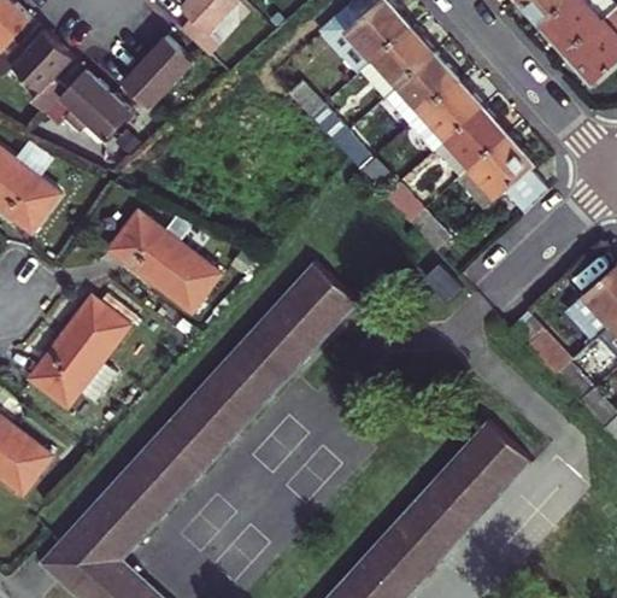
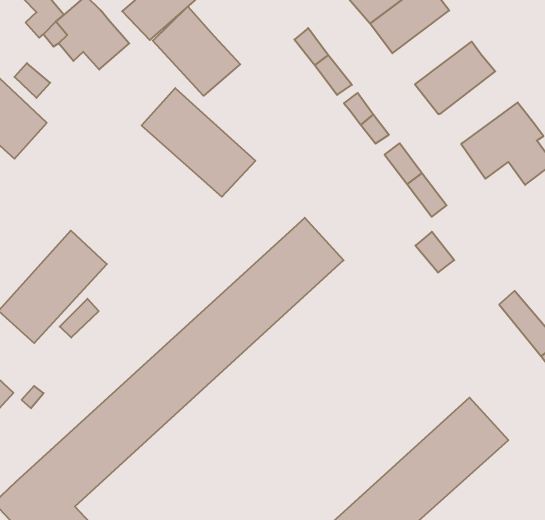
building: [384,52,459,125] -> none
building: none -> [153,6,240,96]
building: [436,106,509,177] -> none
building: [108,211,221,311] -> [142,88,255,197]

